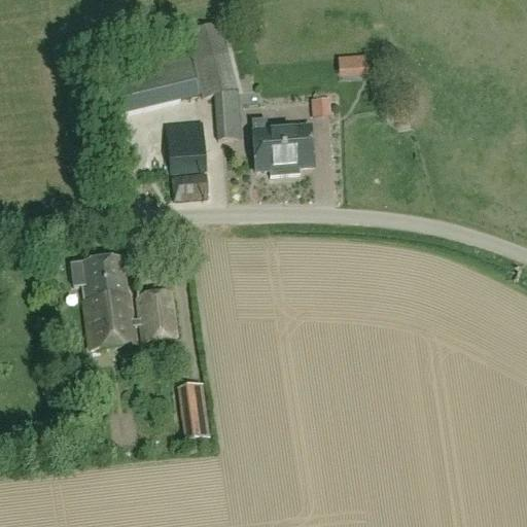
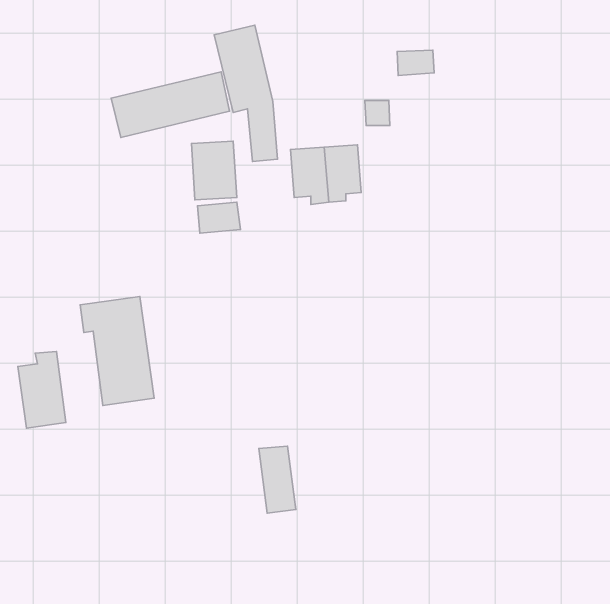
building: [135,289,176,342] -> none
building: none -> [18,351,66,428]
building: [178,382,210,440] -> [259,446,296,513]

